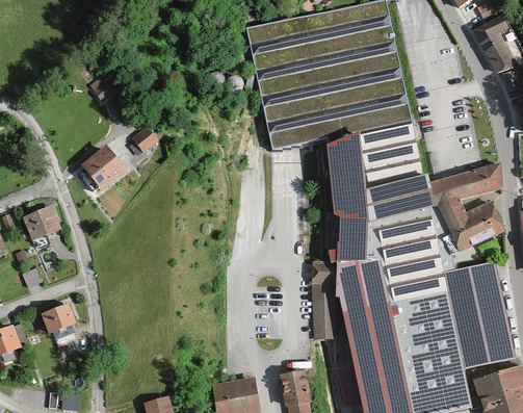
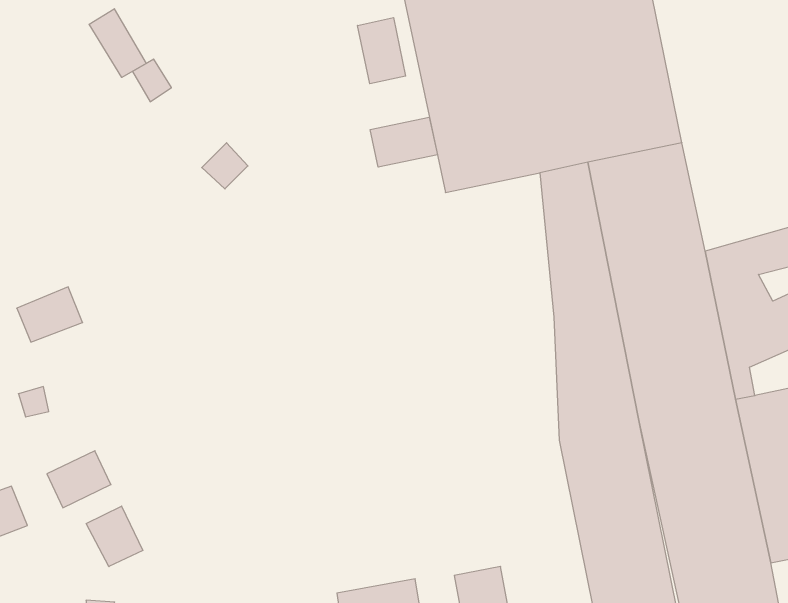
building: none -> [89,9,146,77]
building: none -> [358,18,406,84]
building: none -> [370,117,437,167]
building: [79,145,128,192] -> none
building: none -> [86,506,143,567]

